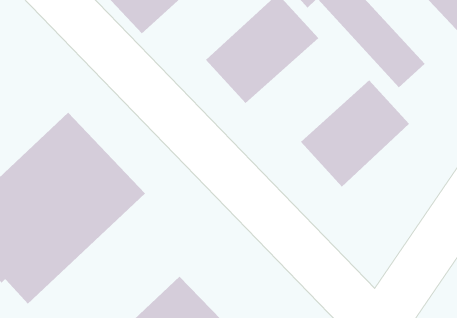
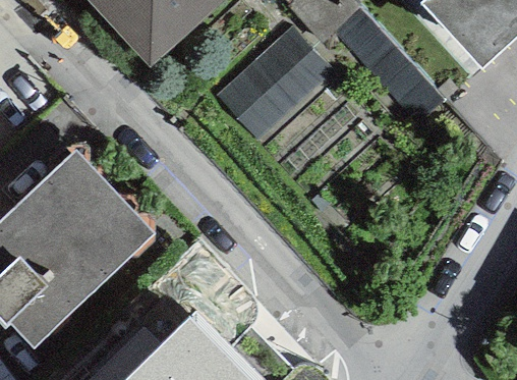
building: [300,79,410,187] -> none

